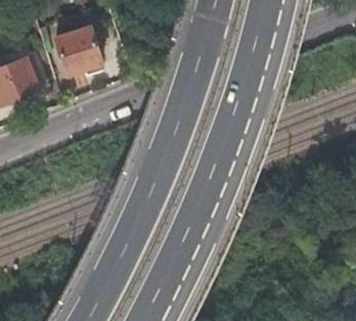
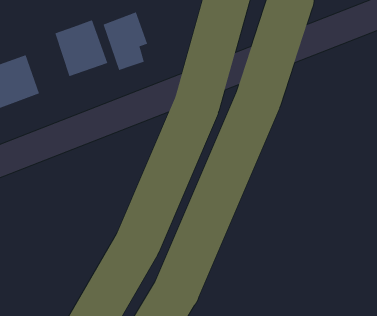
building: none -> [103,12,148,71]

